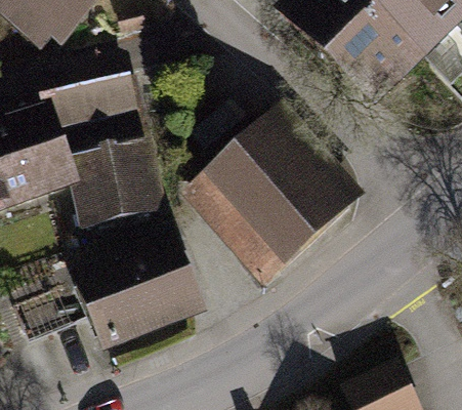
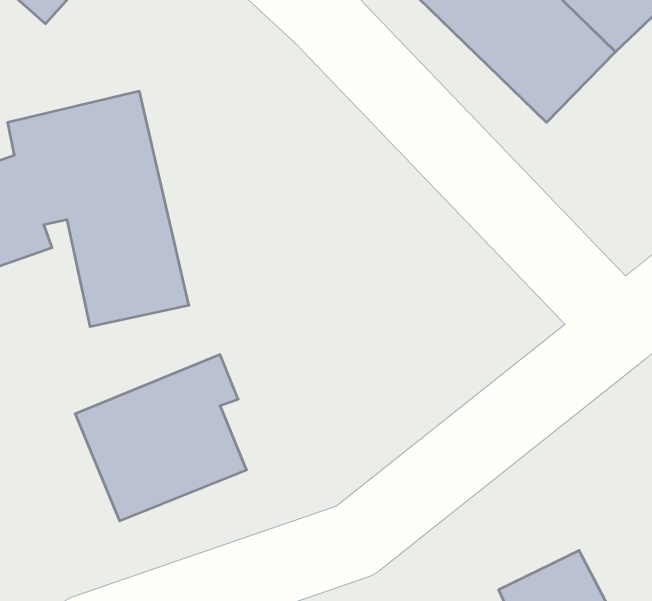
building: [200,113,346,273] -> none

